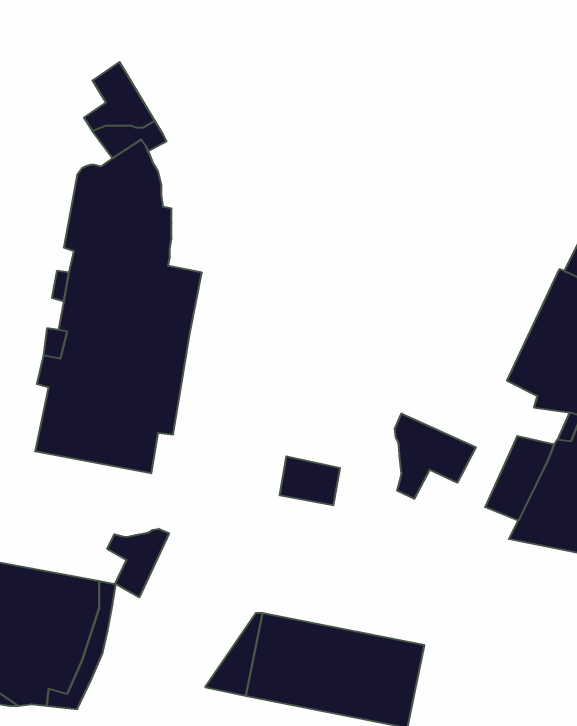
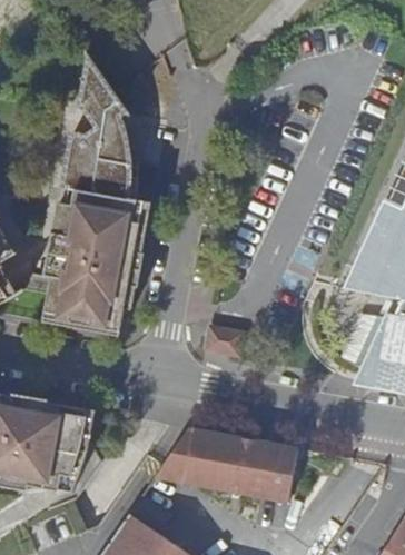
building: [395,413,476,499] -> none
building: [107,529,169,597] -> none

